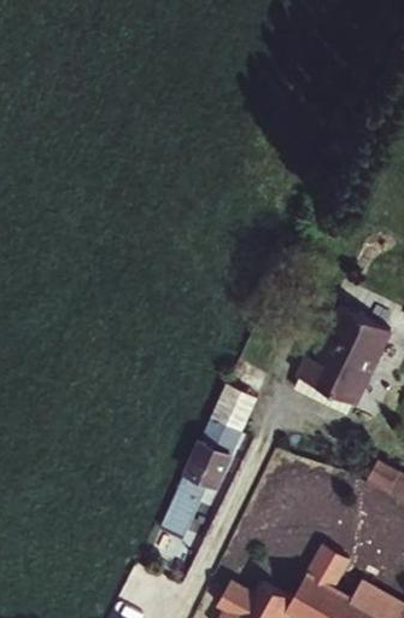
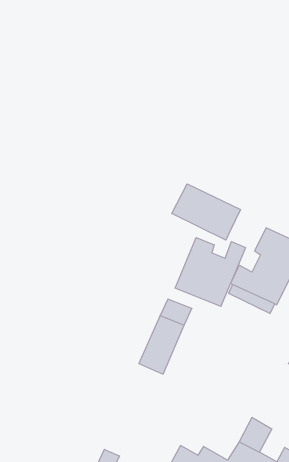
building: none -> [172,184,241,240]
building: none -> [175,238,246,306]
building: [152,478,205,555] -> none

